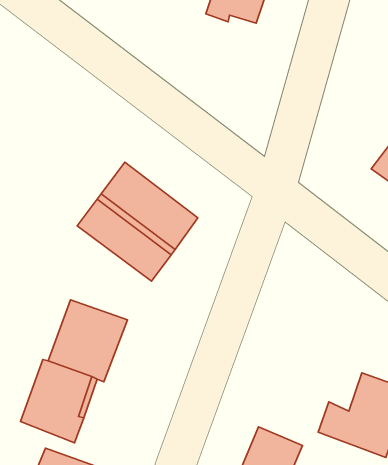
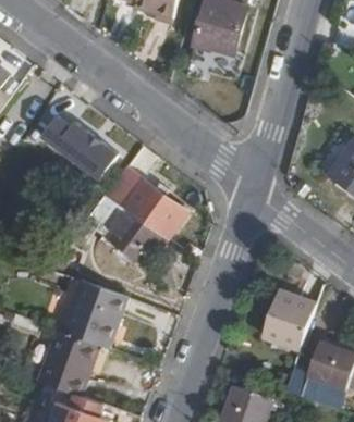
building: none -> [44,111,120,174]
building: none -> [260,289,314,349]

